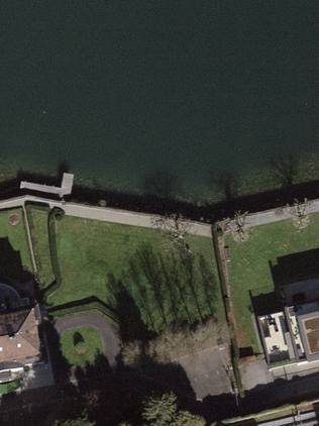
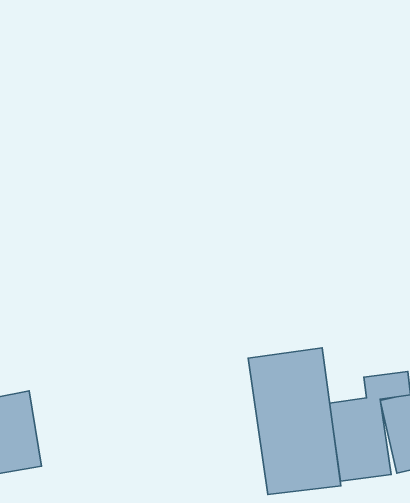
building: none -> [248,348,341,494]

